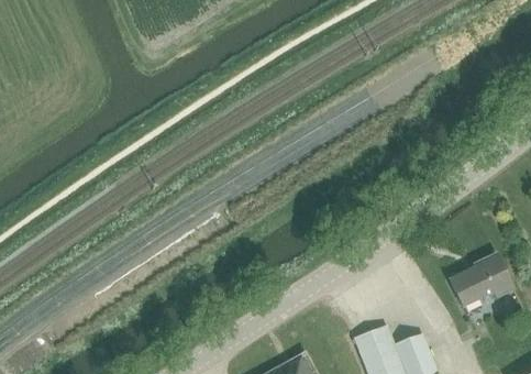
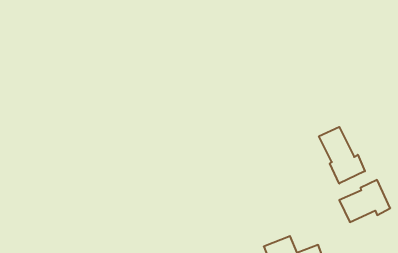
building: none -> [319,127,365,184]

